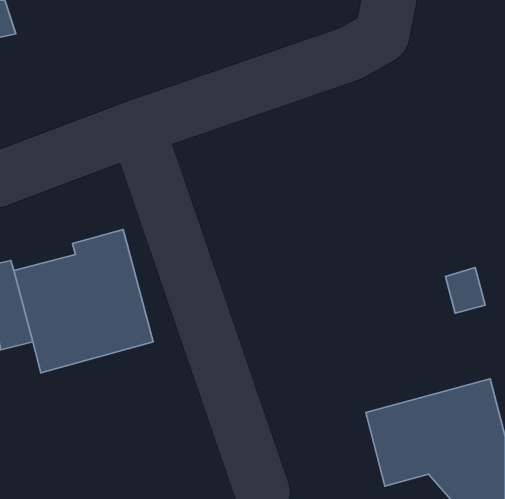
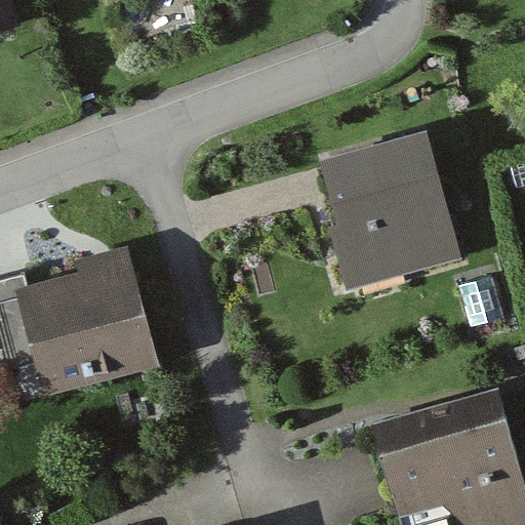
building: none -> [321,131,457,290]

